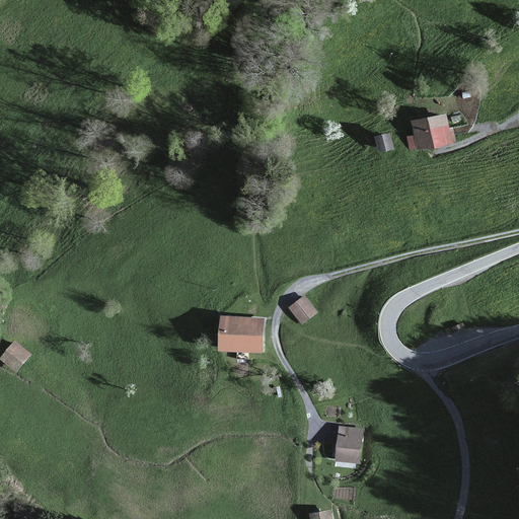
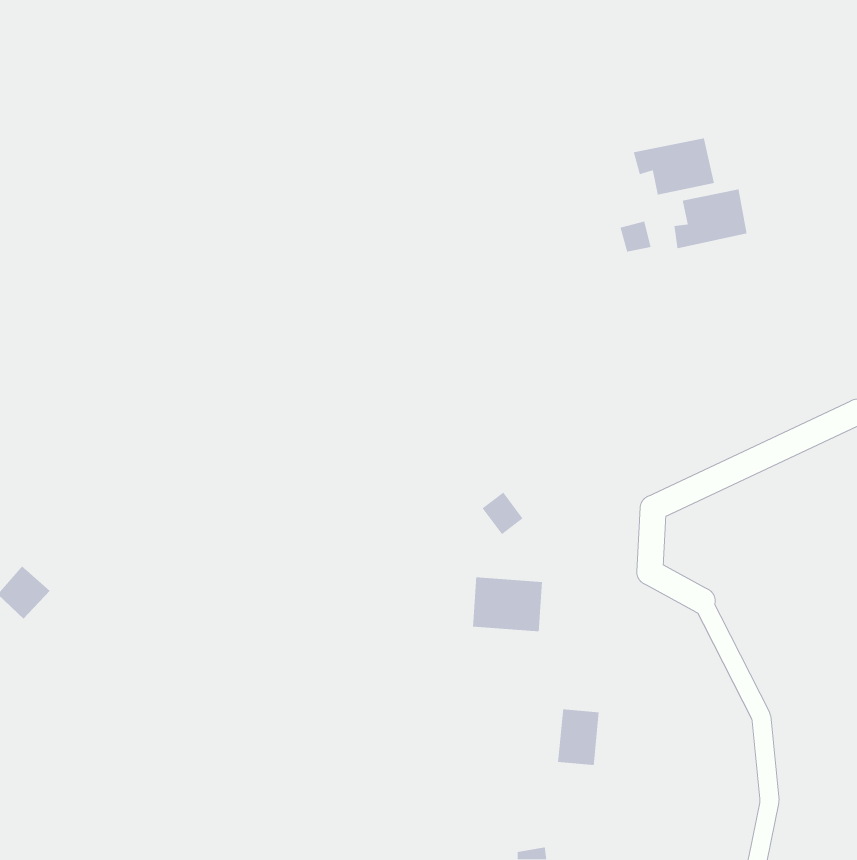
building: none -> [633,138,715,195]
building: [220,316,263,350] -> [472,577,543,632]

